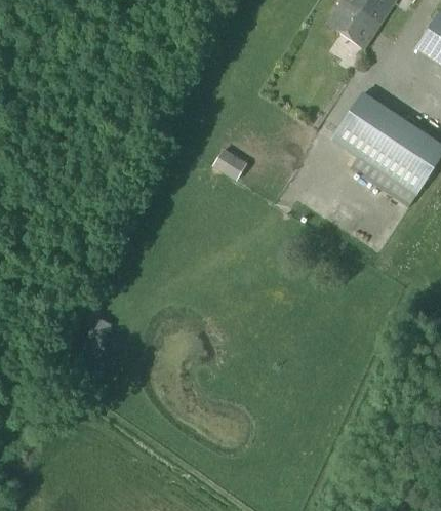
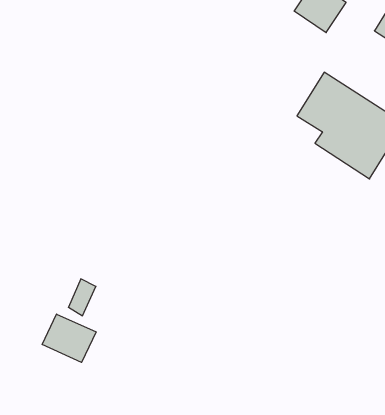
building: [214,148,249,180] -> none
building: none -> [42,314,96,362]

